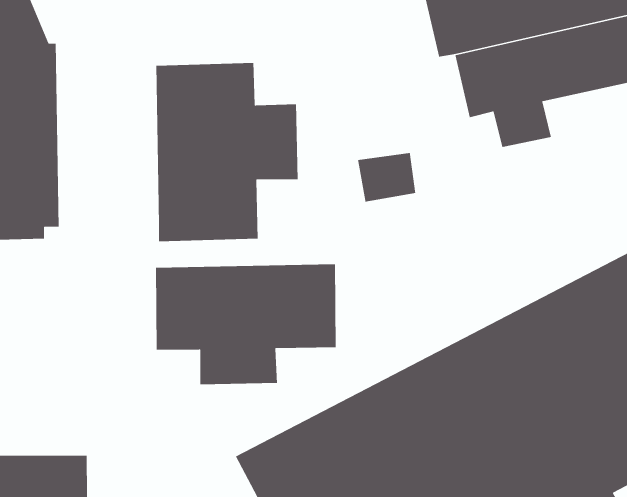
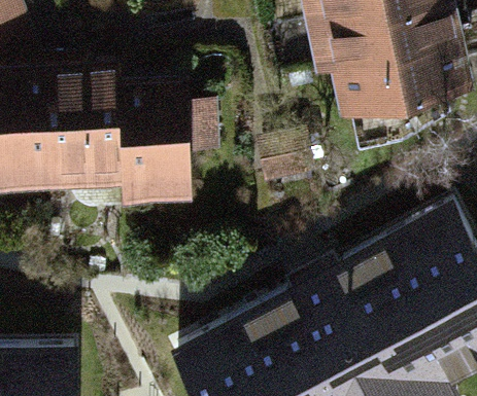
building: none -> [49,61,121,190]
building: [155,263,337,385] -> none

